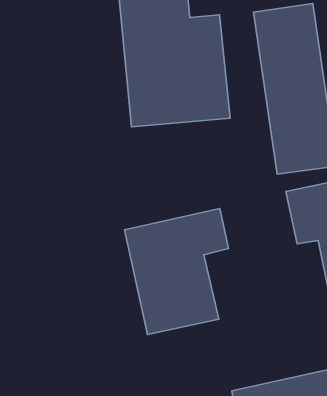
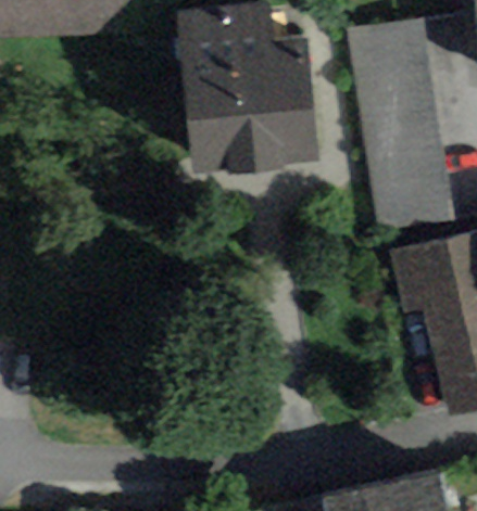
building: [125,208,229,335] -> none

